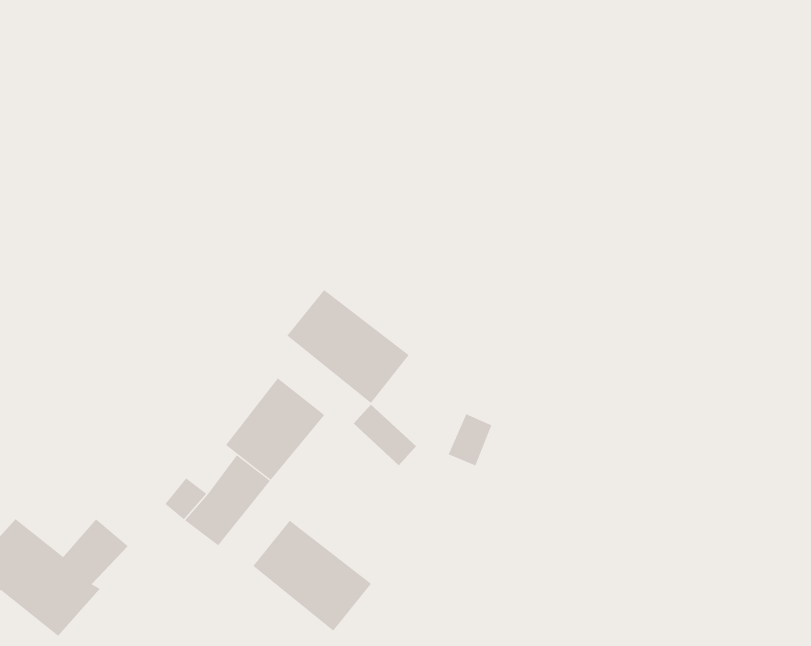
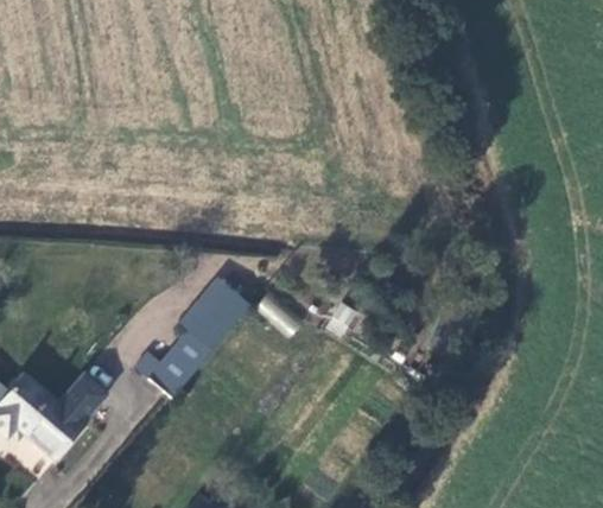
building: [287,289,410,404] -> none
building: [253,520,372,631] -> none

